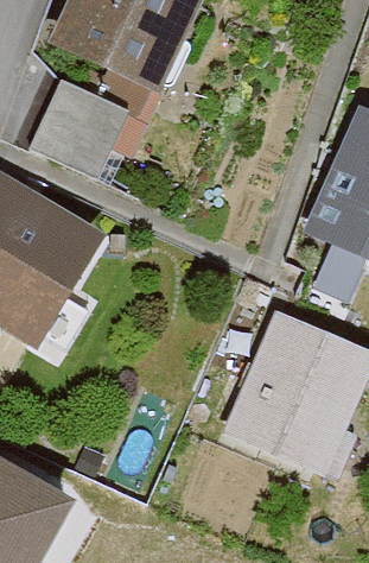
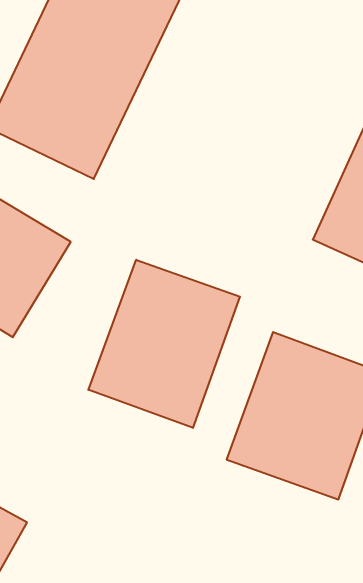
building: none -> [88,260,240,428]

